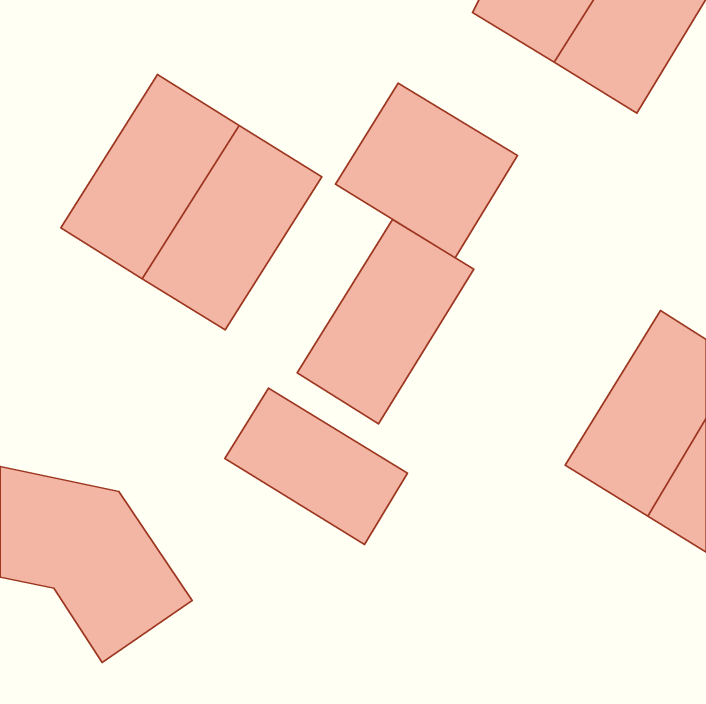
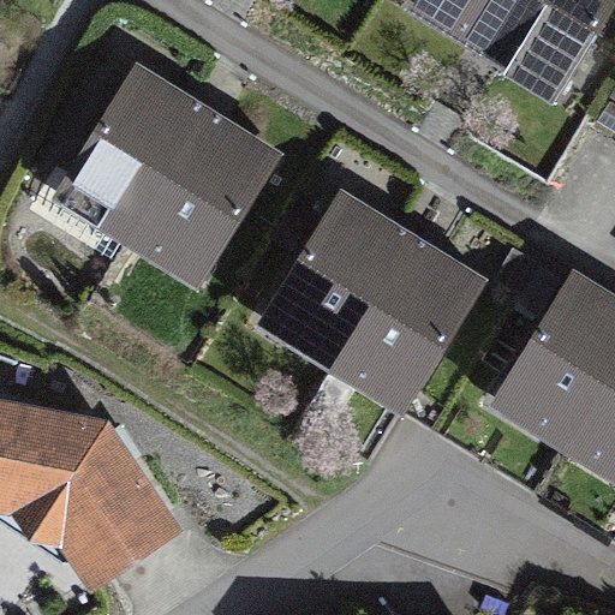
building: [336,83,518,258] -> none
building: none -> [329,234,484,412]
building: [225,388,408,545] -> none

